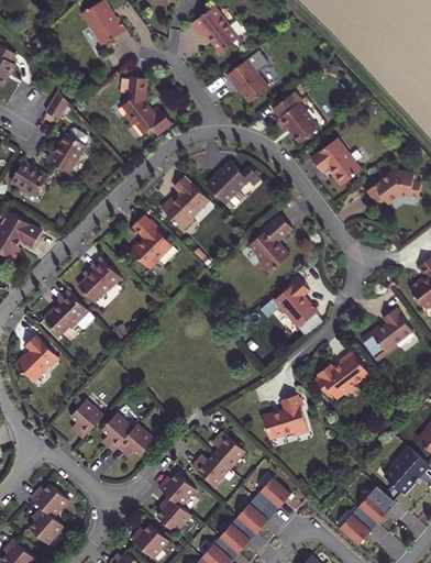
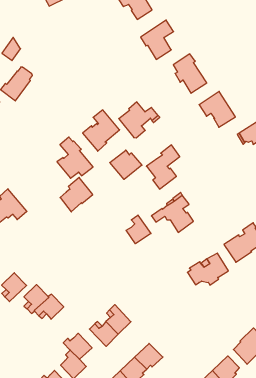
building: [122,76,172,134] -> none
building: none -> [110,150,142,179]
building: [78,256,121,302] -> [60,177,93,212]
building: none -> [126,215,151,244]
building: [263,394,308,439] -> none

